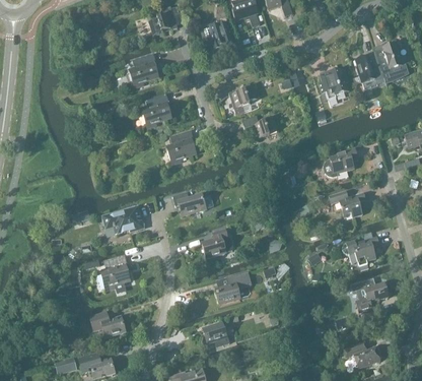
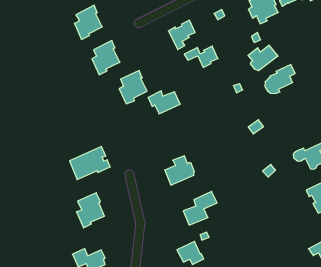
building: none -> [248,45,278,71]
building: [330,190,366,217] -> none
building: [173,191,207,215] -> [148,91,180,114]

